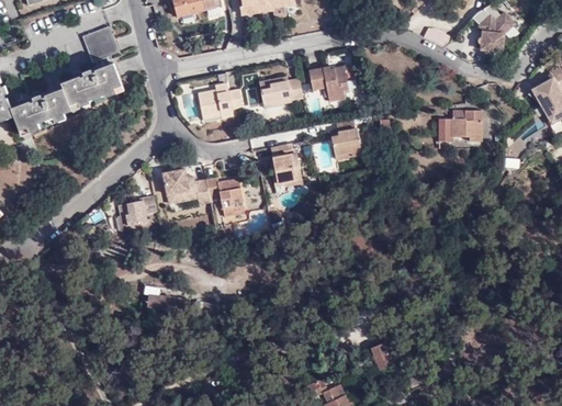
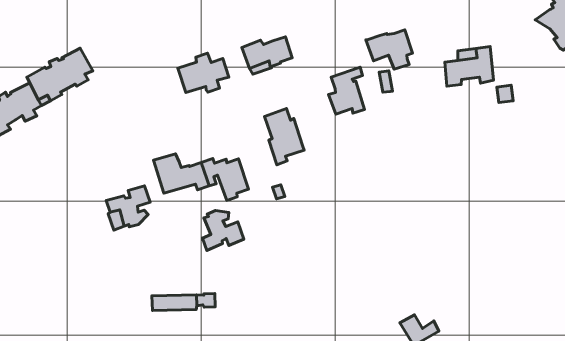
building: [81,26,119,64] -> none
building: [307,66,348,100] -> [366,30,413,69]
building: none -> [203,210,244,251]

